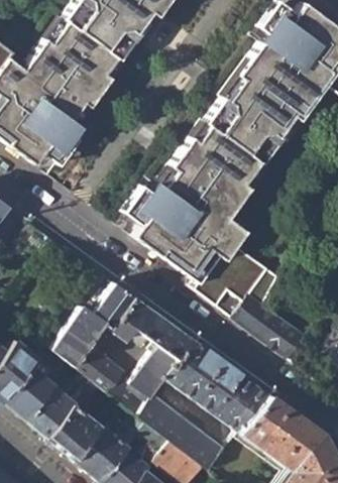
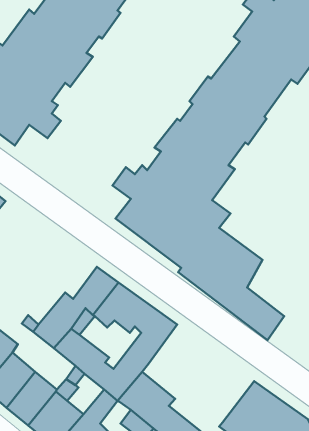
building: [166,340,270,436] -> none

